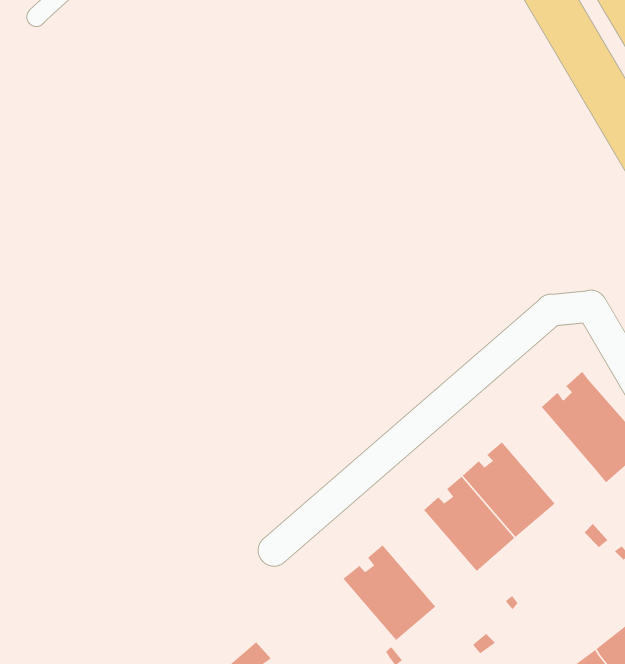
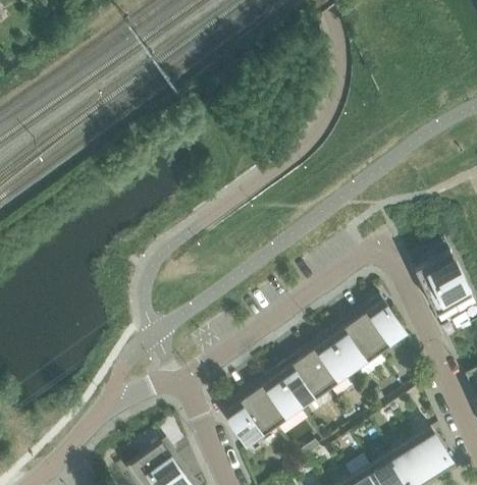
building: none -> [327,315,381,374]
building: none -> [249,370,304,429]

